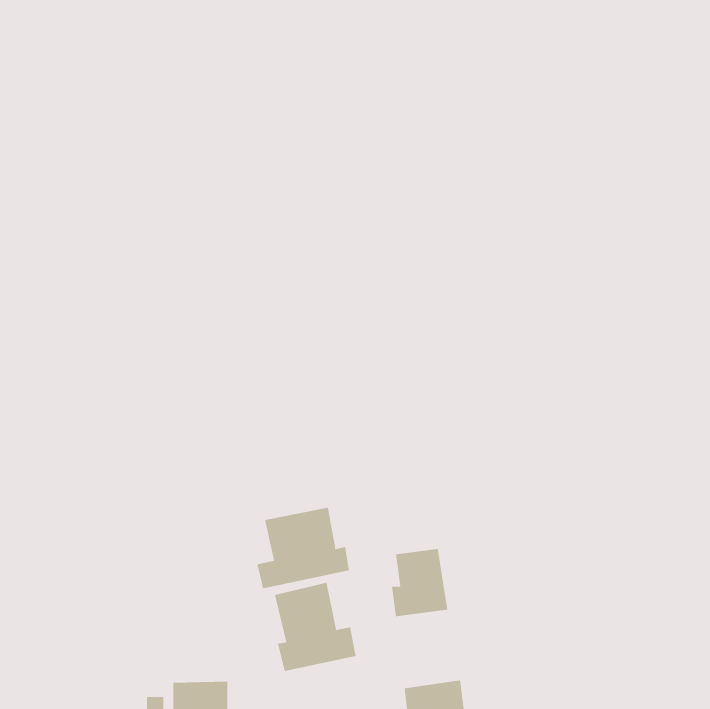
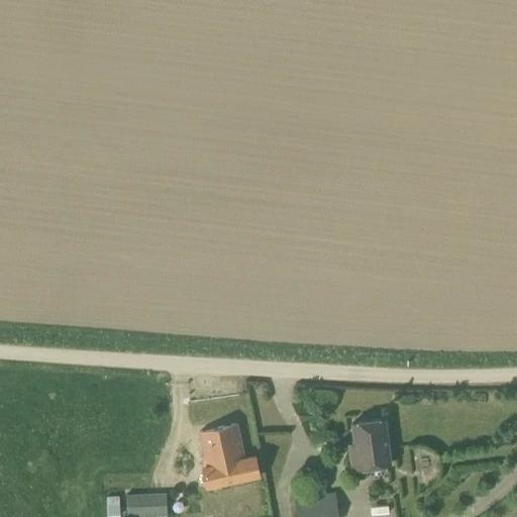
building: [257,507,350,589] -> none
building: [391,549,448,617] -> [349,422,391,472]

